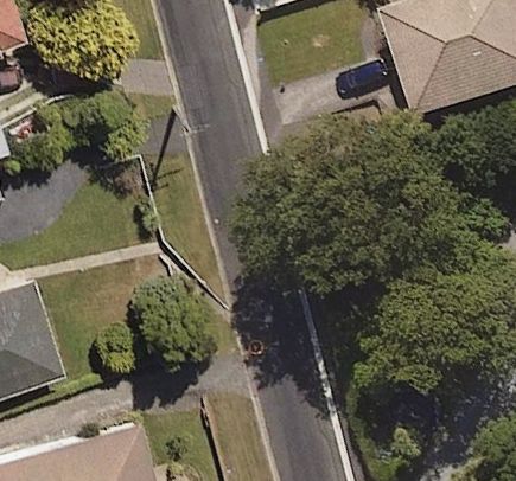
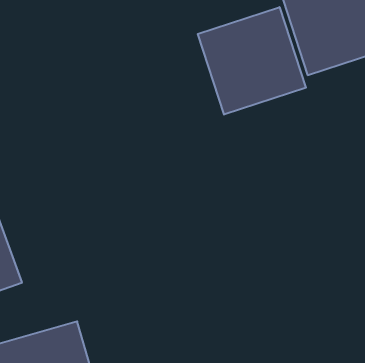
building: none -> [198,7,306,115]

